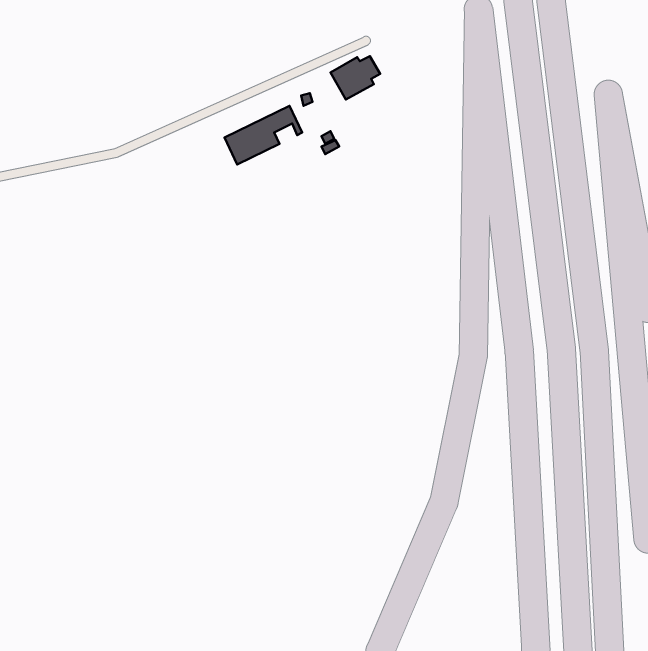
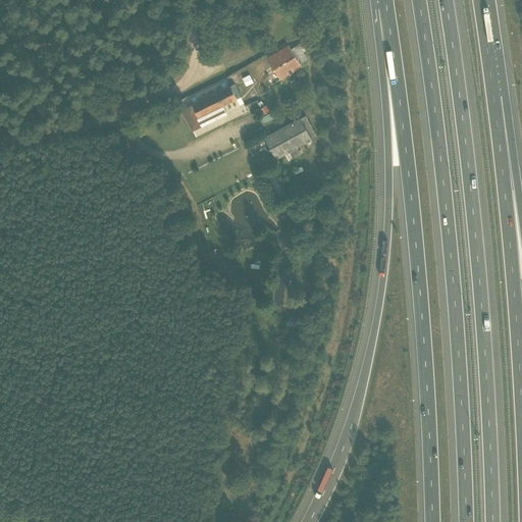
building: none -> [261,114,314,158]

